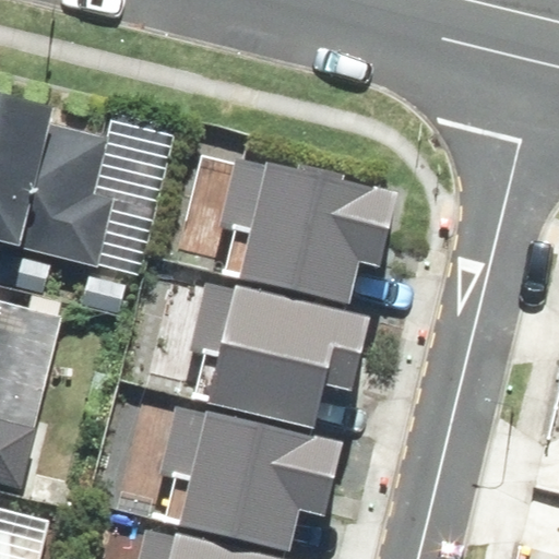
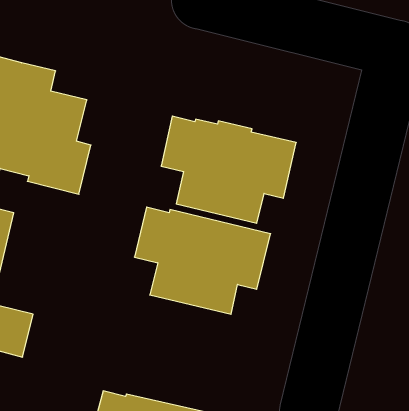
building: [155,408,340,554] -> none

